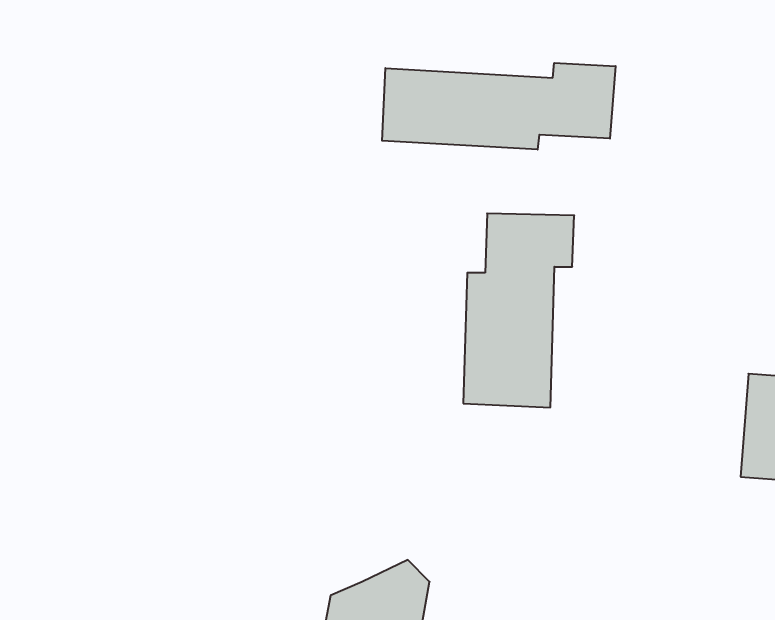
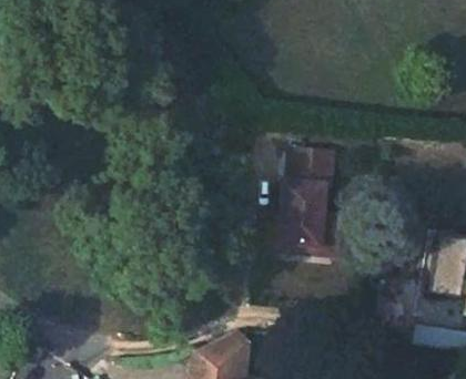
building: [382,63,616,150] -> none

